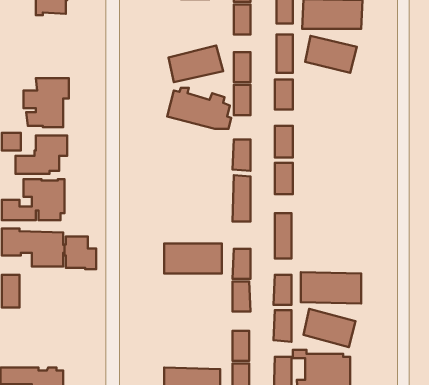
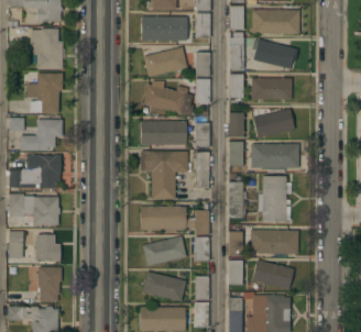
building: none -> [141,16,187,42]
building: none -> [30,29,63,70]
building: none -> [251,78,292,100]
building: none -> [253,109,294,139]
building: none -> [141,121,186,145]
building: none -> [251,144,298,168]
building: none -> [140,152,188,200]
building: none -> [262,176,286,222]
building: [65,236,96,269] -> [35,235,61,262]
building: none -> [142,236,186,266]
building: none -> [39,267,62,301]
building: none -> [142,272,186,302]

